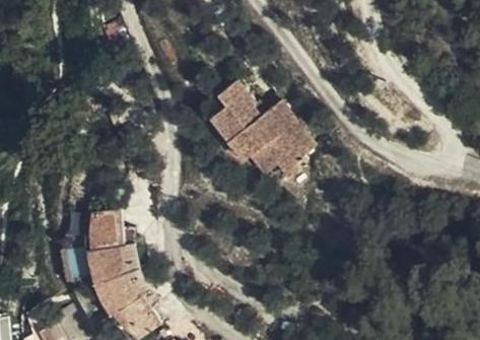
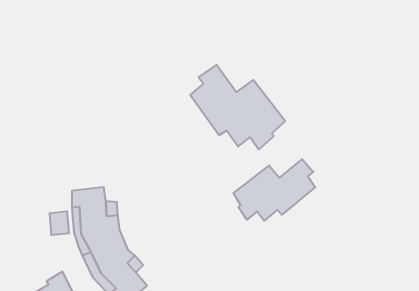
building: none -> [233,159,315,221]

